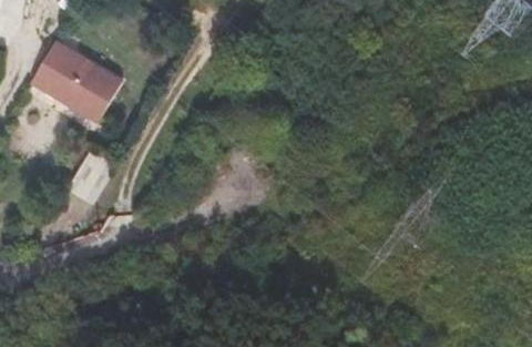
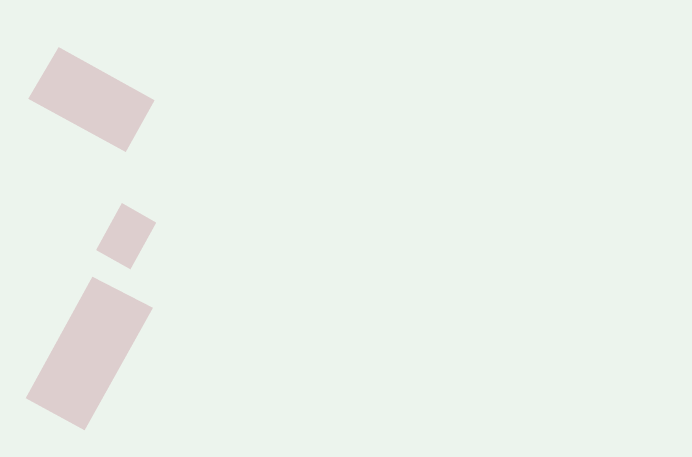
building: none -> [25,276,154,431]

